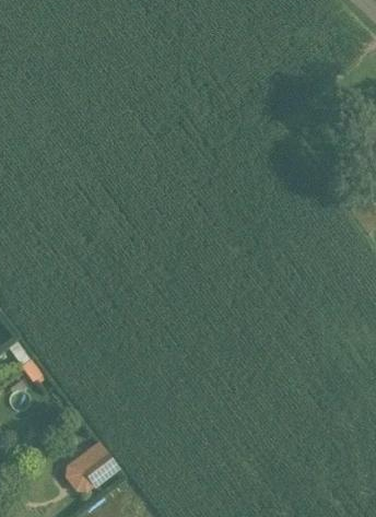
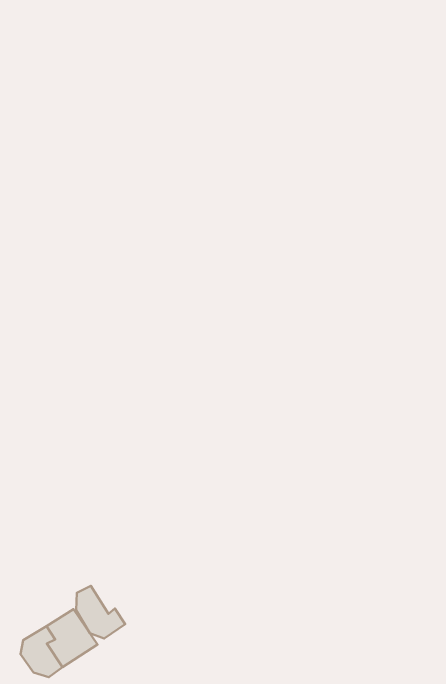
building: none -> [76,586,125,638]

